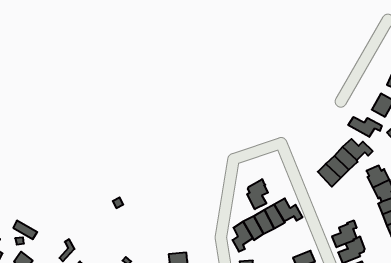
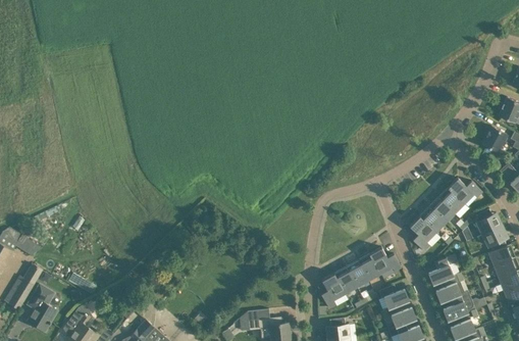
building: [348,117,382,137] -> none
building: none -> [409,216,434,251]
building: [247,179,268,209] -> none
building: none -> [428,254,458,285]
building: none -> [378,287,409,309]

